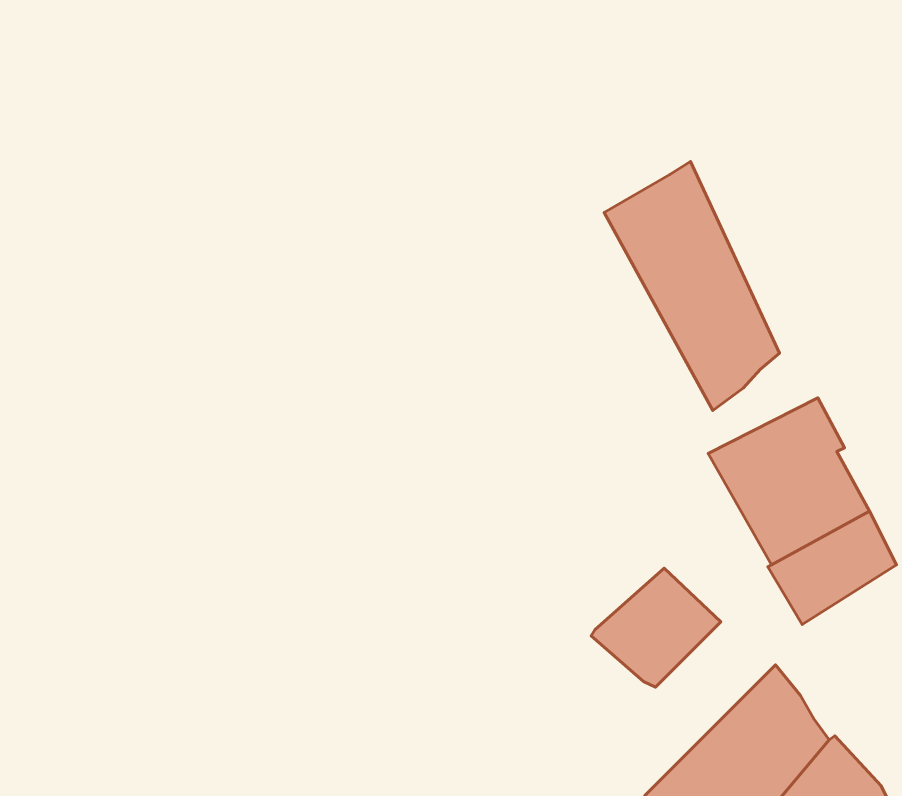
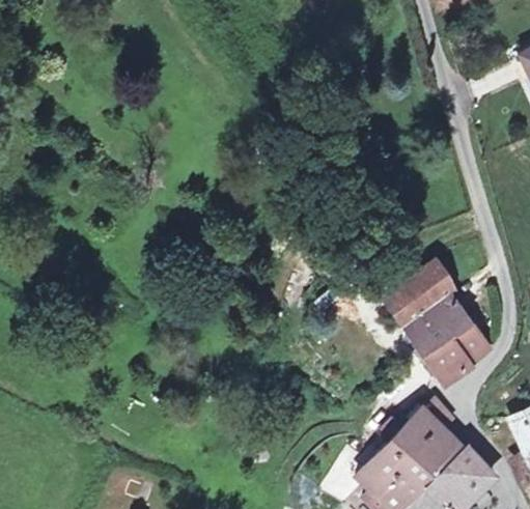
building: [604,161,779,410] -> none
building: [591,568,721,687] -> none

